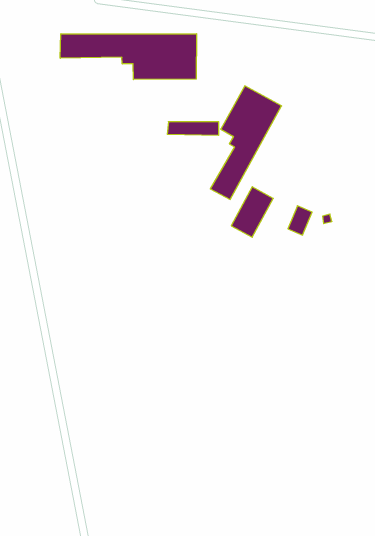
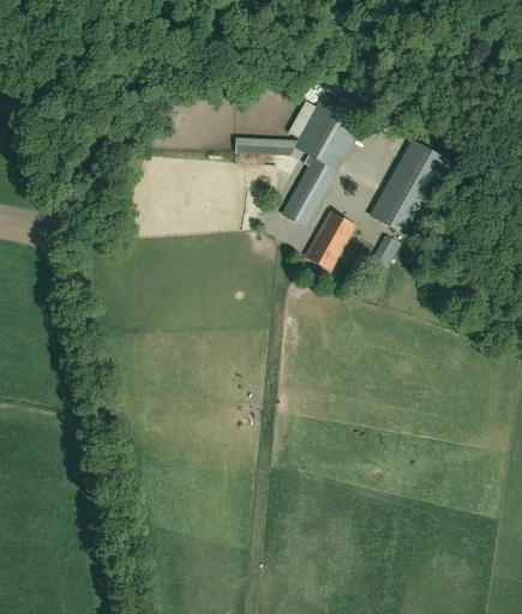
building: [60,34,197,80] -> none
building: none -> [370,139,449,234]

